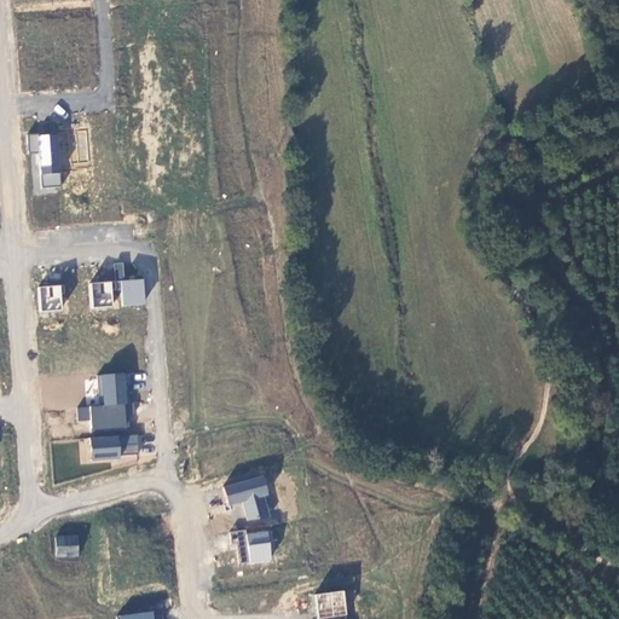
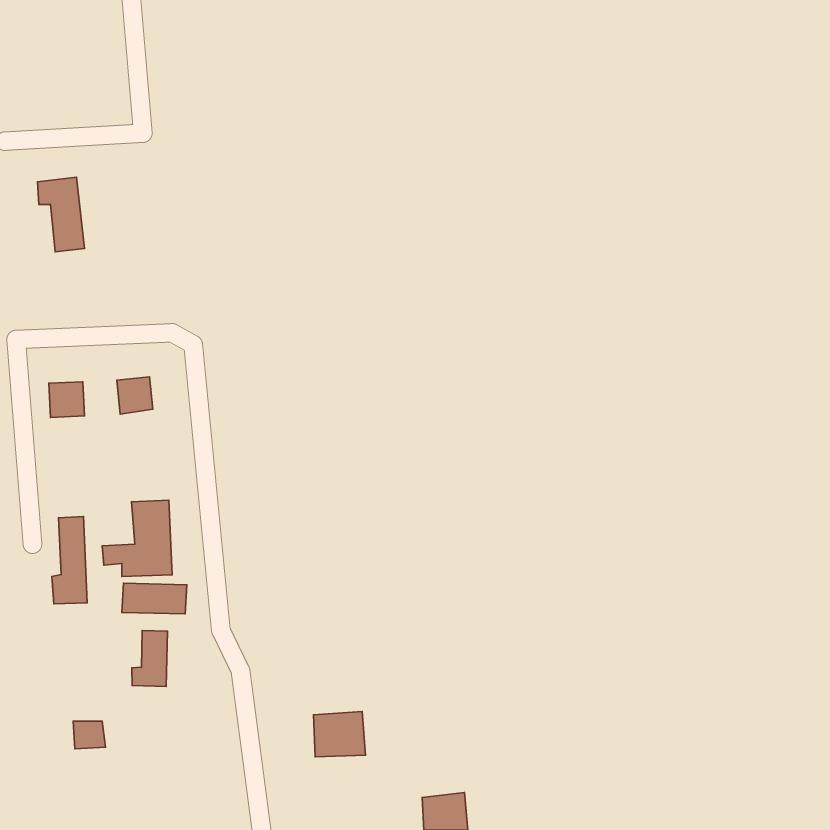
building: [115,262,145,305] -> none
building: none -> [52,517,87,604]
building: none -> [132,631,168,687]
building: [224,478,271,521] -> none

